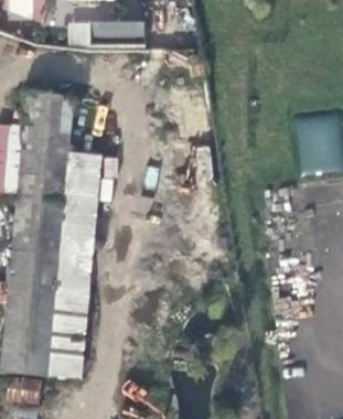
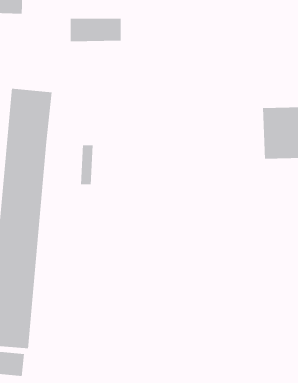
building: [46,152,99,377] -> none

